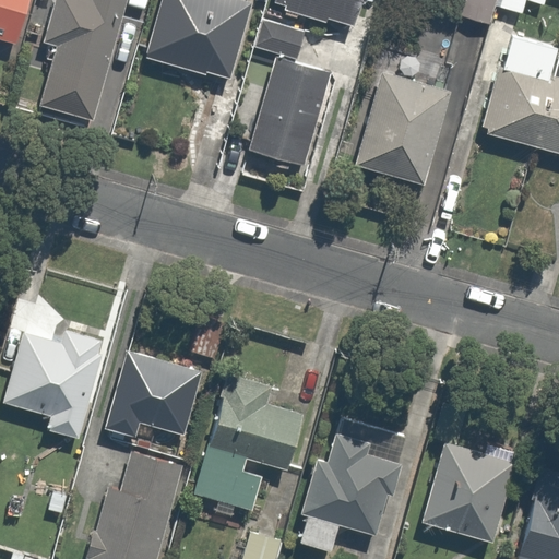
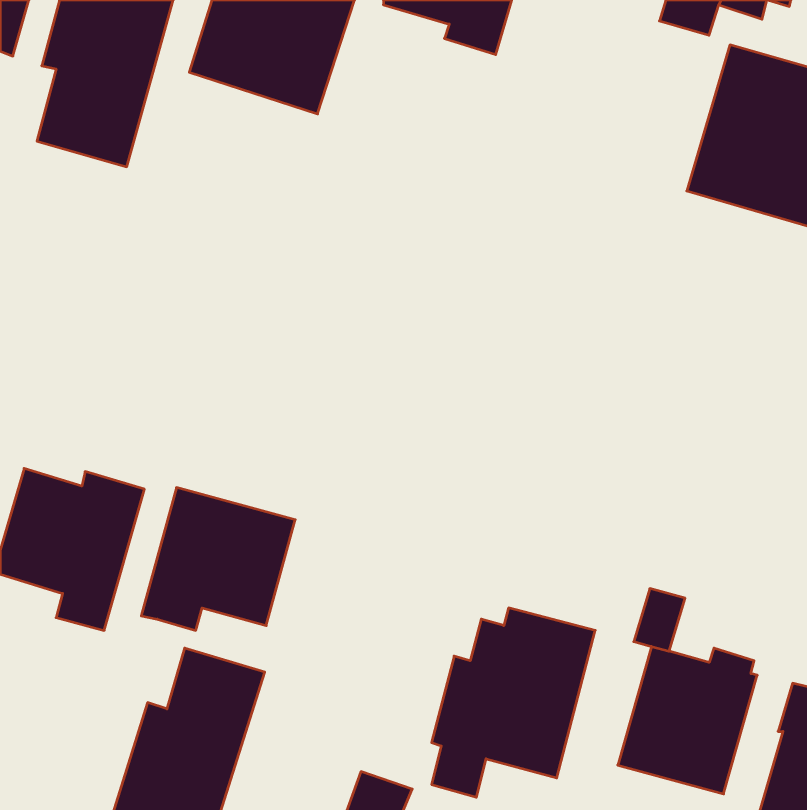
building: [245,21,338,169] -> none
building: [353,46,459,186] -> none
building: [194,365,306,509] -> none

